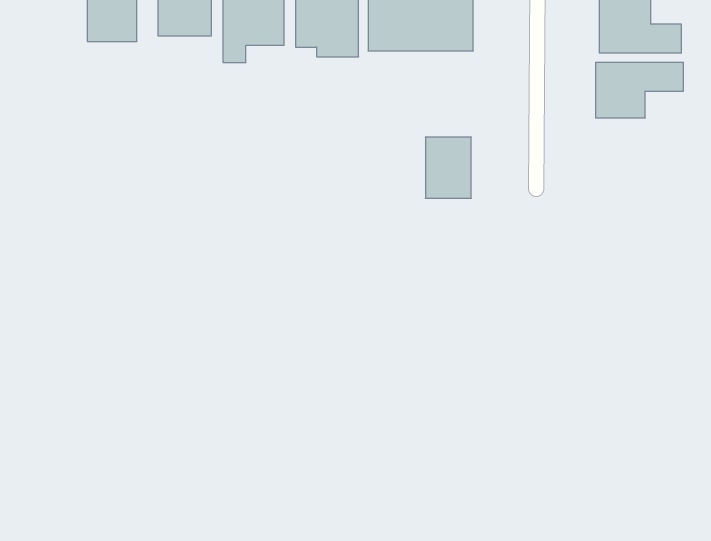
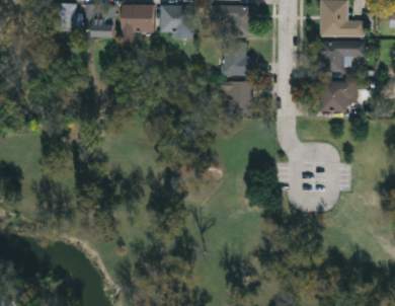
building: none -> [224,42,254,75]
building: none -> [319,81,358,111]

